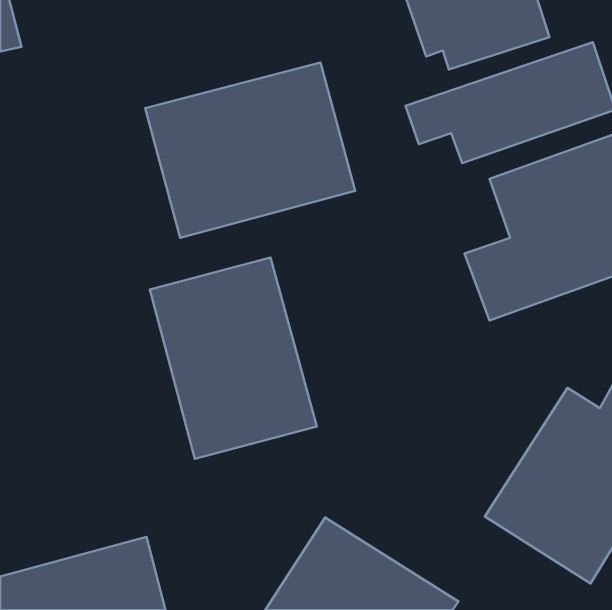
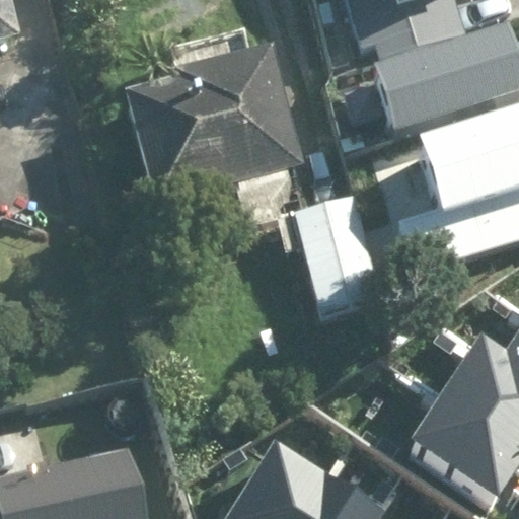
building: none -> [293,195,382,310]
building: [150,258,317,459] -> none

